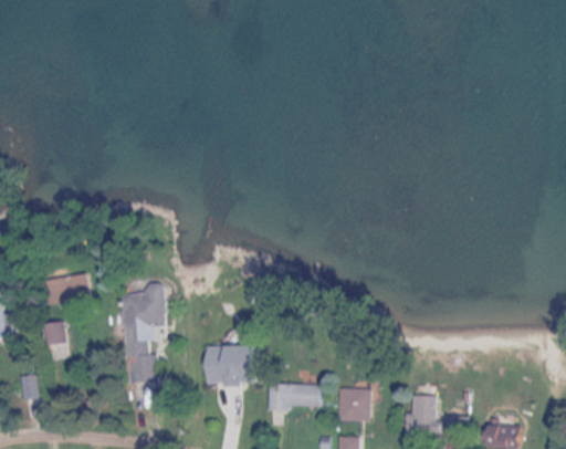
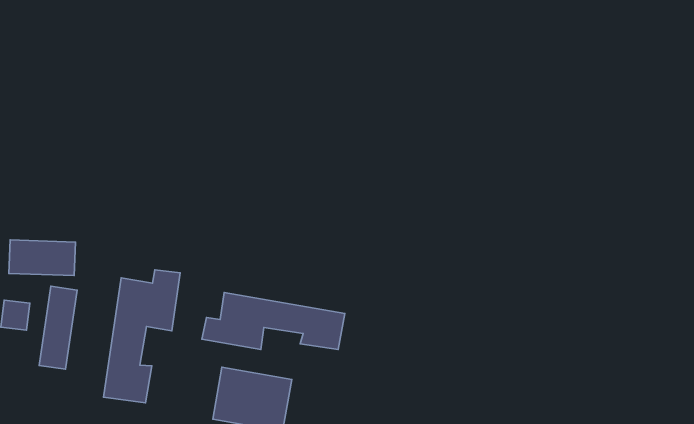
building: none -> [202,292,345,350]
building: none -> [39,286,77,369]

